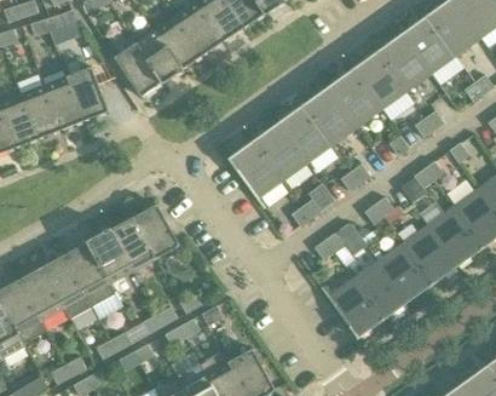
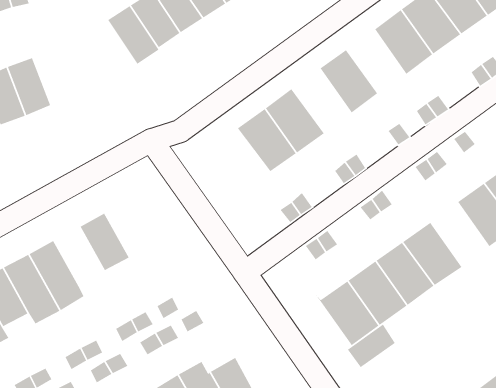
building: [114,42,162,97] -> none
building: [352,51,406,109] -> none
building: [68,67,108,120] -> none
building: [302,86,357,145] -> none
building: [227,140,283,208] -> none
building: [133,203,179,258] -> none
building: [428,207,481,266] -> none
building: [86,228,133,283] -> none
building: none -> [347,324,396,368]

